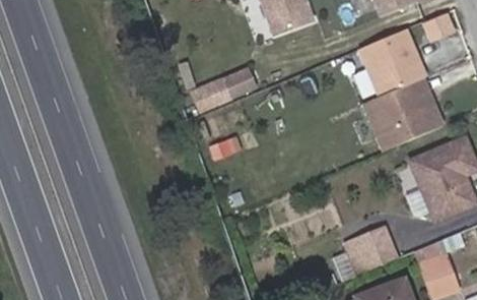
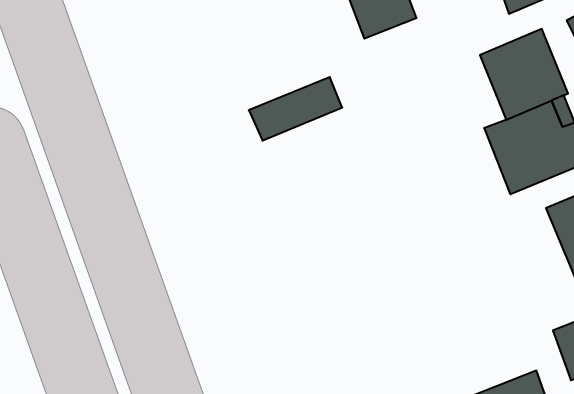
building: [346,228,396,273] -> none

